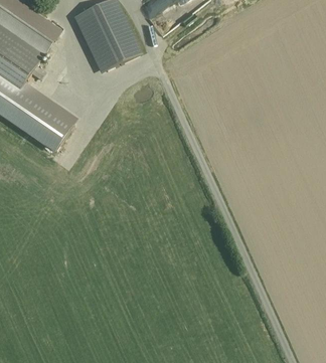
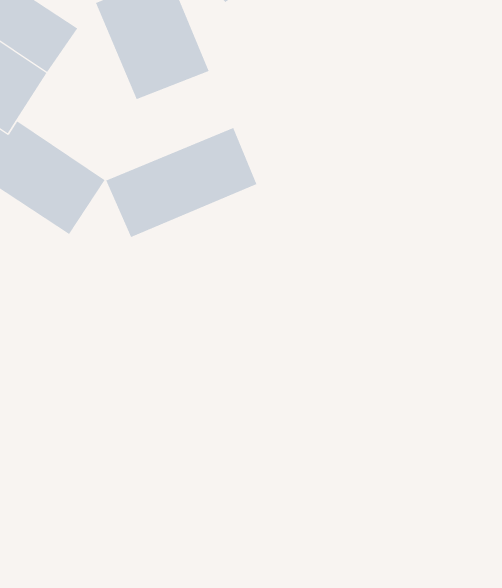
building: none -> [105,127,257,238]

